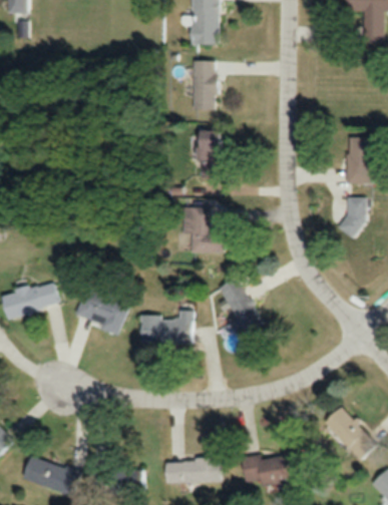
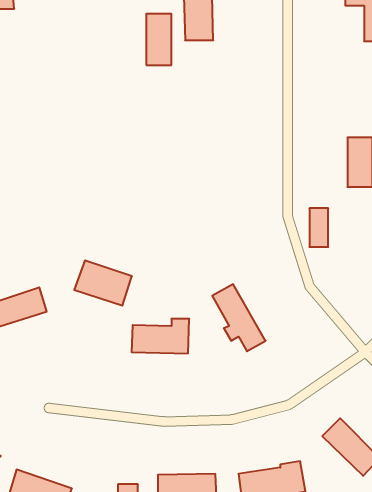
building: [191,61,216,110] -> [146,14,171,65]
building: [197,130,219,177] -> none
building: [344,197,362,234] -> [309,208,328,247]
building: [182,207,224,252] -> none
building: [73,290,128,333] -> [74,261,132,306]

